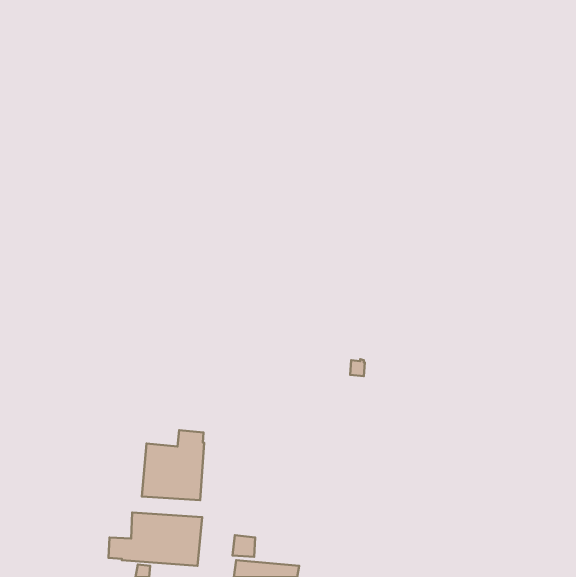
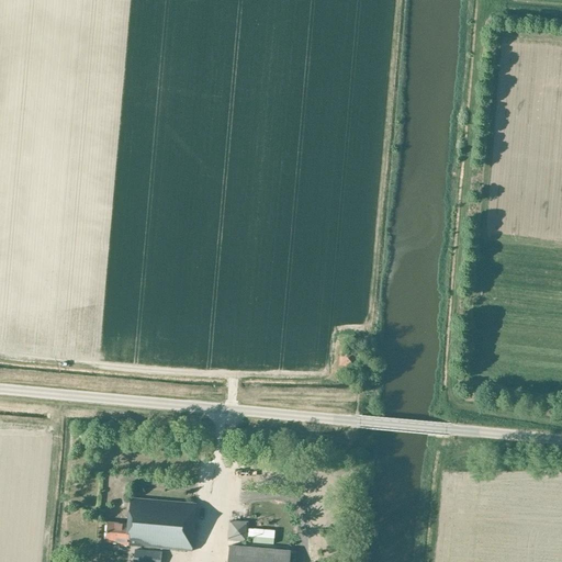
building: [142,430,204,500] -> none

